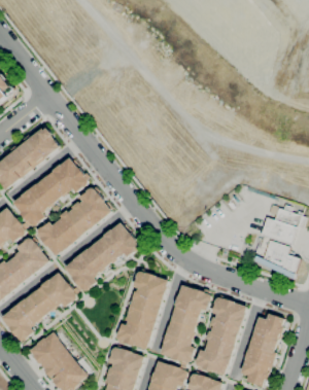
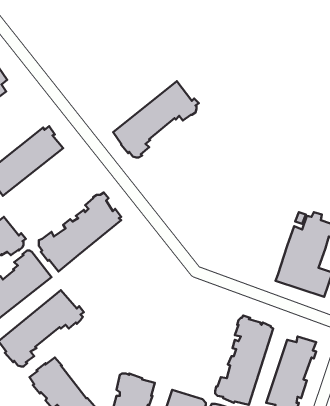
building: [13,157,90,225] -> [113,81,199,158]
building: [65,222,141,291] -> none
building: [116,269,168,349] -> none
building: [160,285,211,363] -> none

